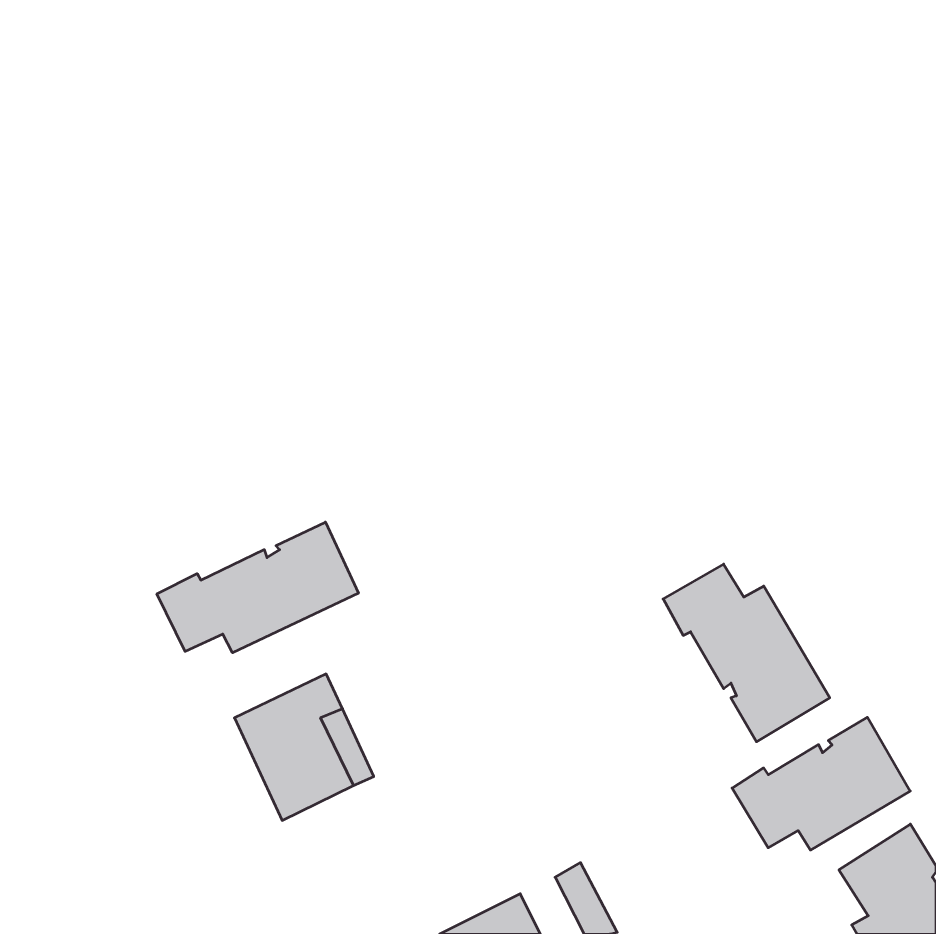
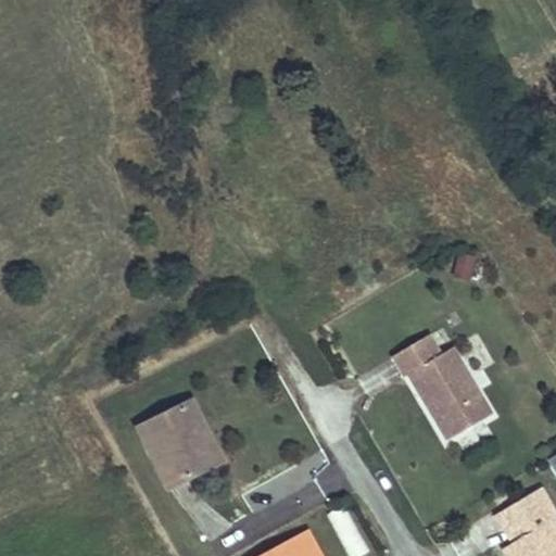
building: [157,522,358,653] -> none
building: [732,717,910,850] -> none

